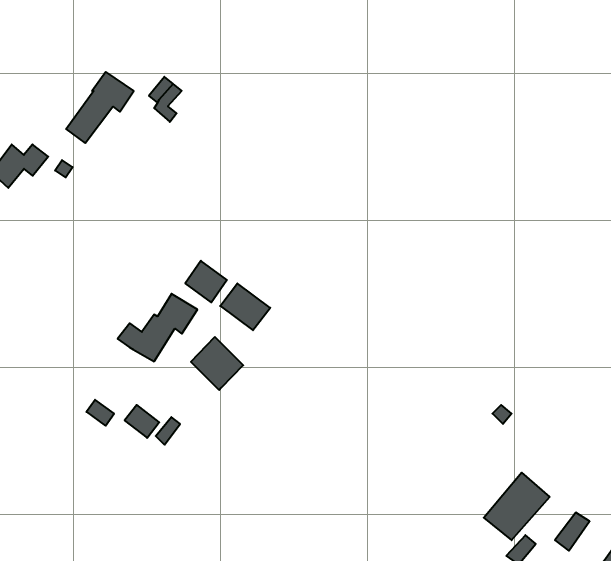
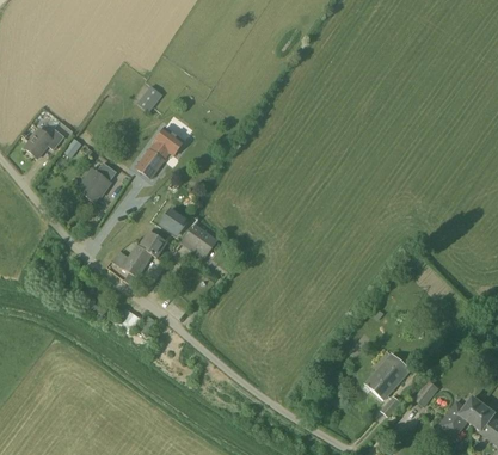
building: [66,72,134,143] -> [137,128,184,177]
building: none -> [76,162,117,203]
building: [191,337,243,390] -> none

